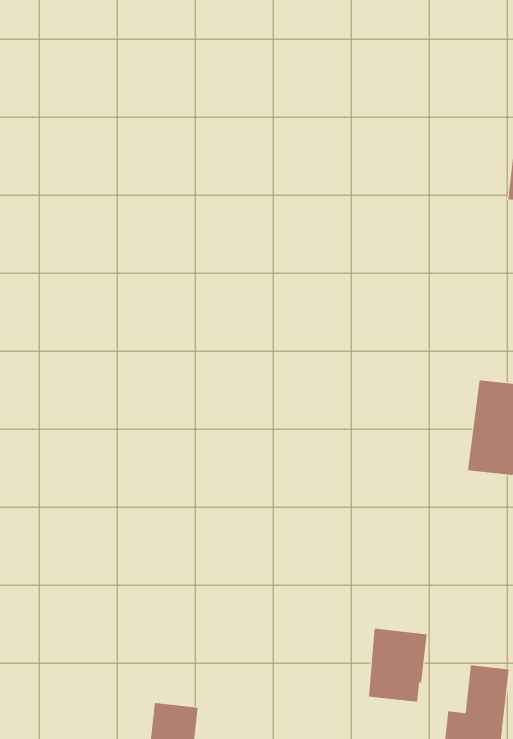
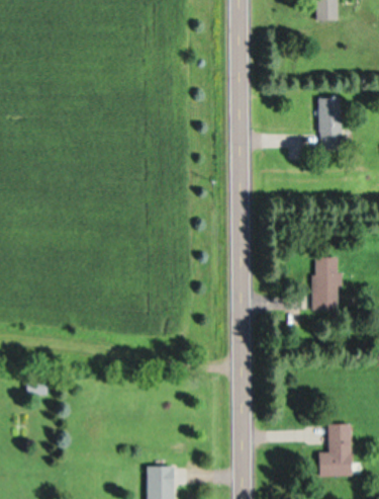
building: [368,628,427,703] -> none

